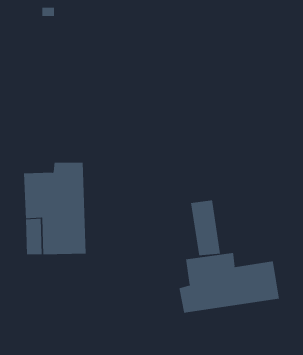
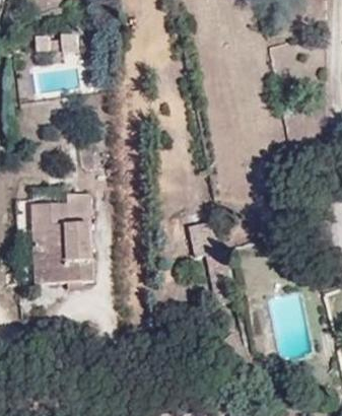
building: [179,252,280,314] -> none

